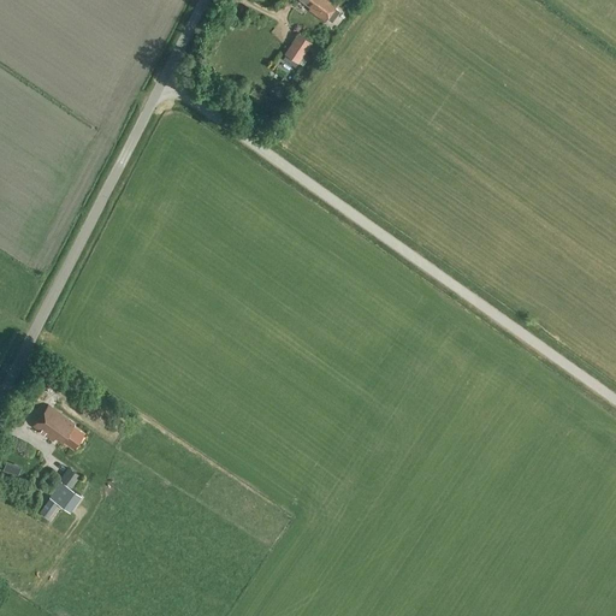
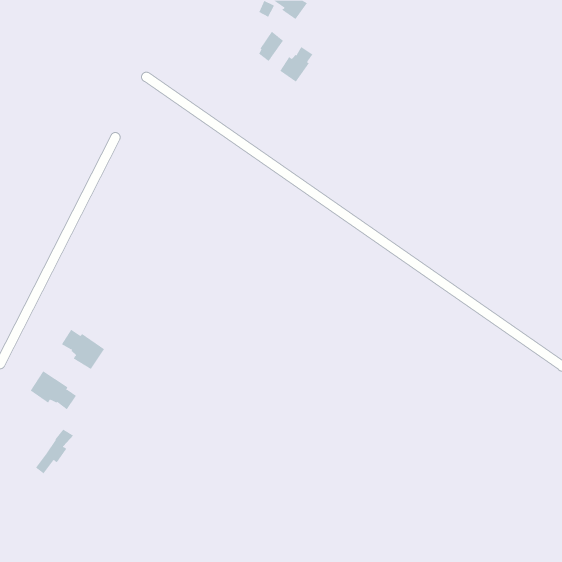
building: none -> [280,46,313,83]
building: none -> [61,329,105,370]

